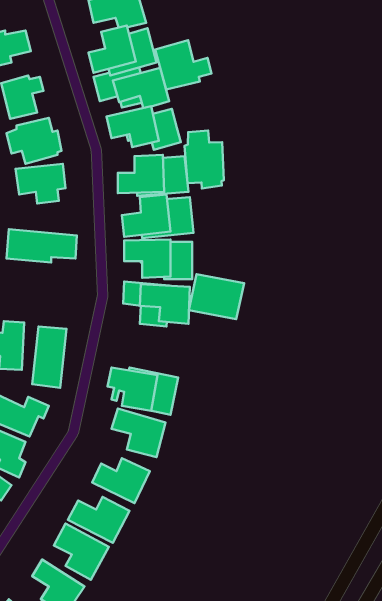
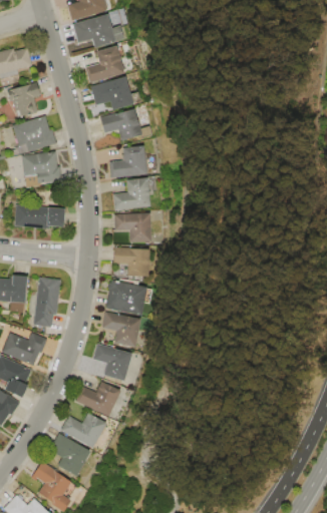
building: [155,40,212,89] -> none
building: [184,130,224,189] -> none
building: [189,274,244,319] -> [109,281,152,316]

